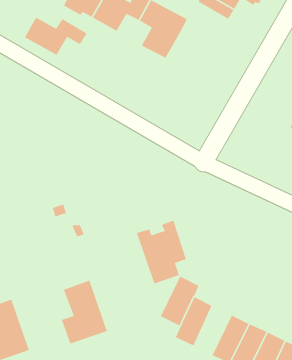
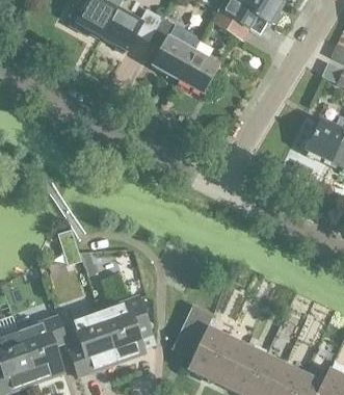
building: [24,17,88,56] -> none
building: none -> [178,50,219,94]
building: [136,220,187,284] -> [99,295,152,363]
building: none -> [18,315,67,383]
building: none -> [207,336,246,388]

